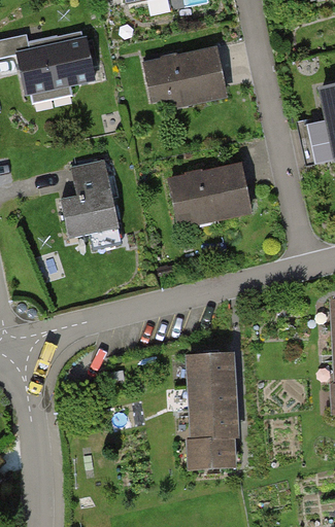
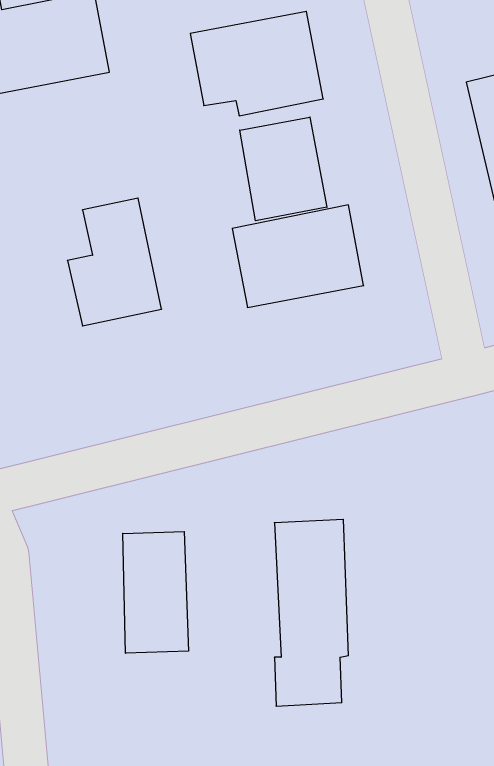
building: none -> [240,117,327,221]
building: none -> [123,532,188,653]

